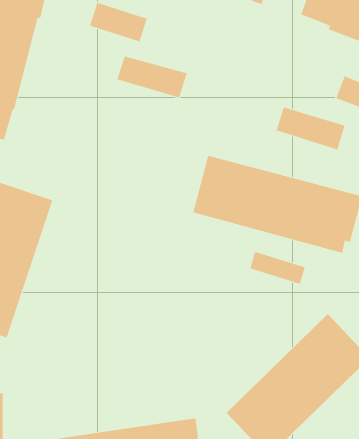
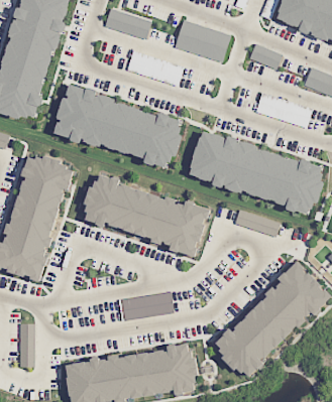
building: none -> [175,20,231,62]
building: none -> [248,43,283,70]
building: none -> [53,85,184,165]
building: none -> [83,172,211,257]
building: none -> [118,292,173,321]

